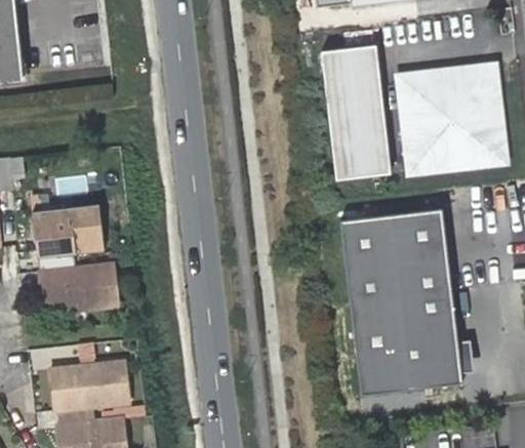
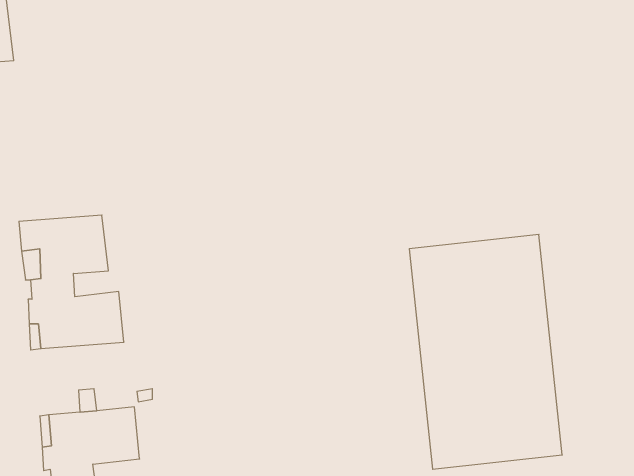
building: [320,48,390,184] -> none
building: [402,60,502,173] -> none

